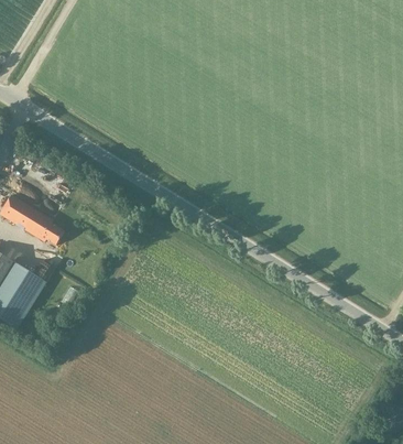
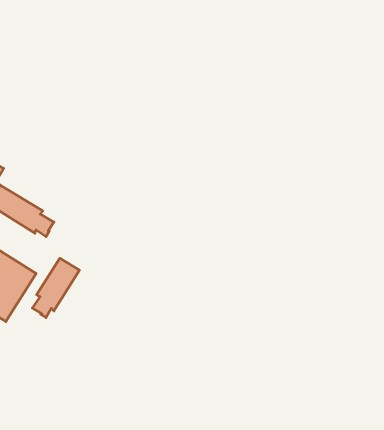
building: none -> [32,258,79,318]

